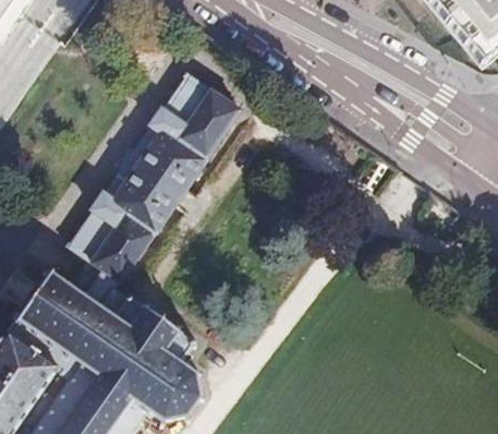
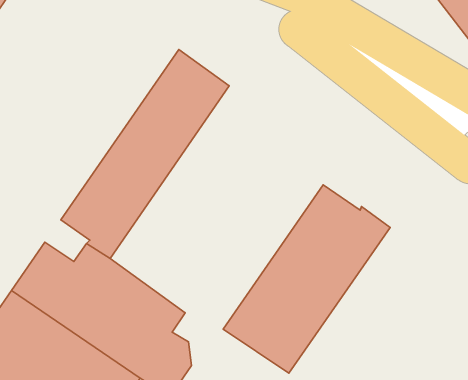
building: none -> [223,185,390,373]

